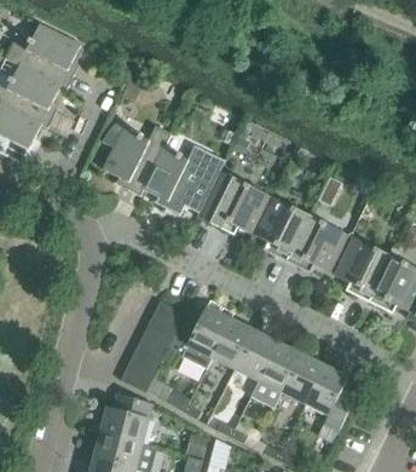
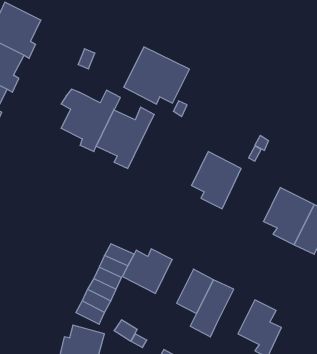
building: [196,169,271,235] -> [124,47,189,104]
building: [287,214,347,272] -> none
building: [210,318,254,368] -> none
building: [281,352,324,403] -> none

